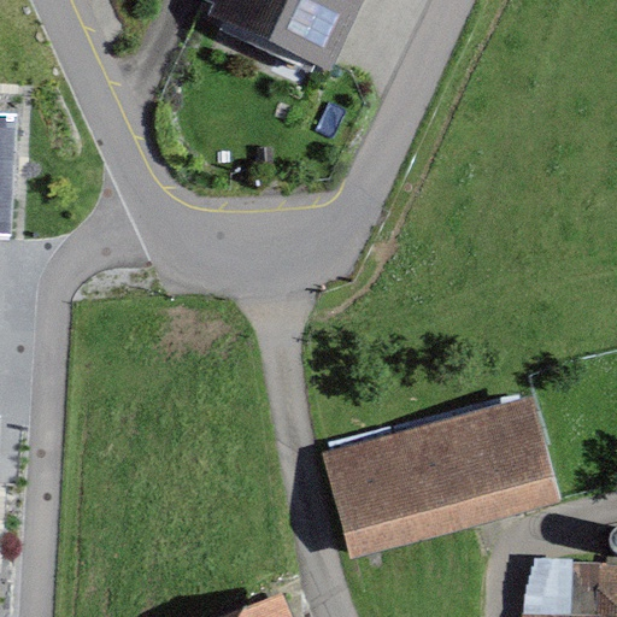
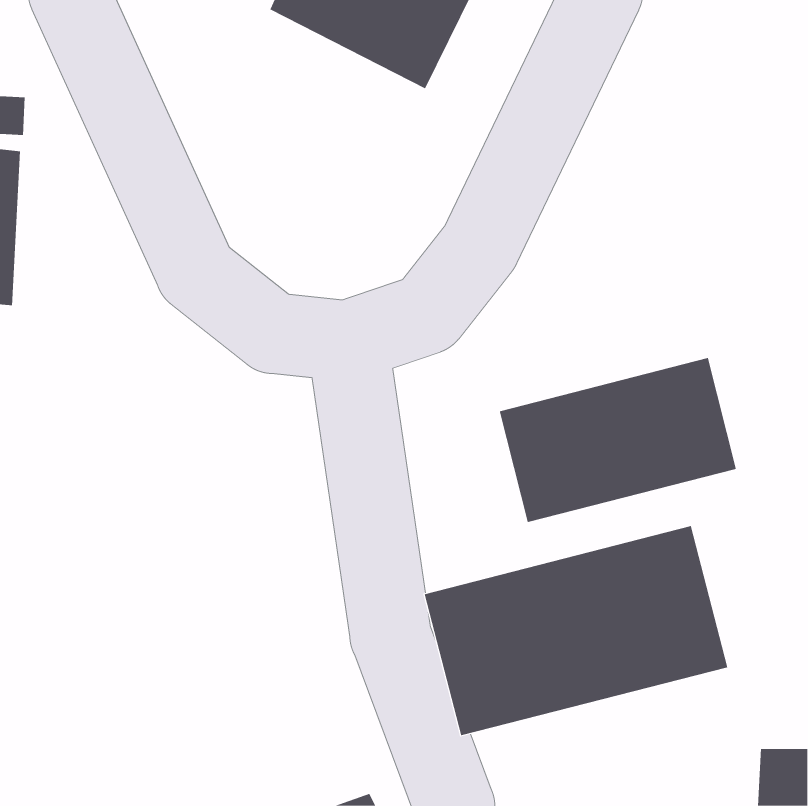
building: none -> [499,357,737,523]

